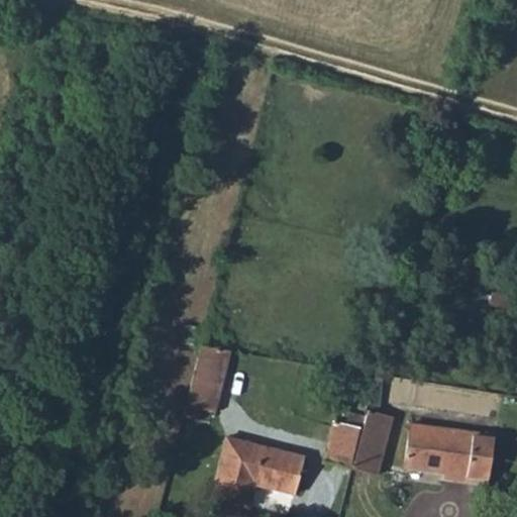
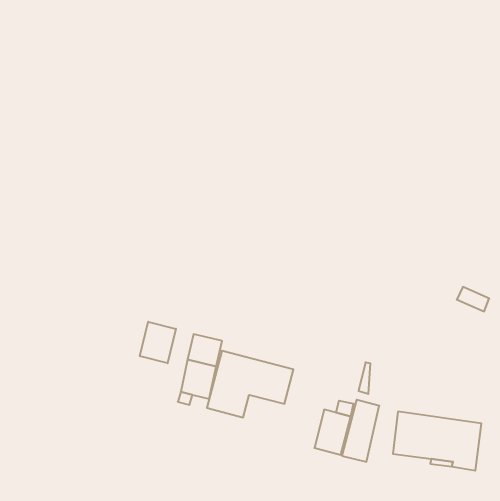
building: none -> [140,322,176,363]
building: [214,437,303,506] -> [207,351,293,417]

